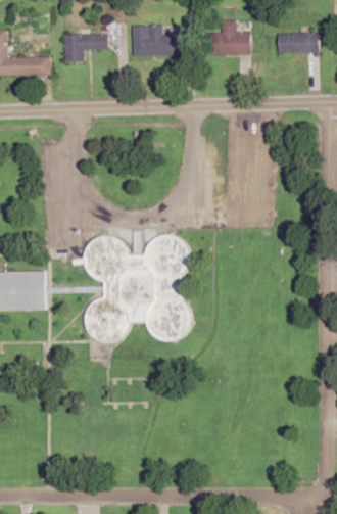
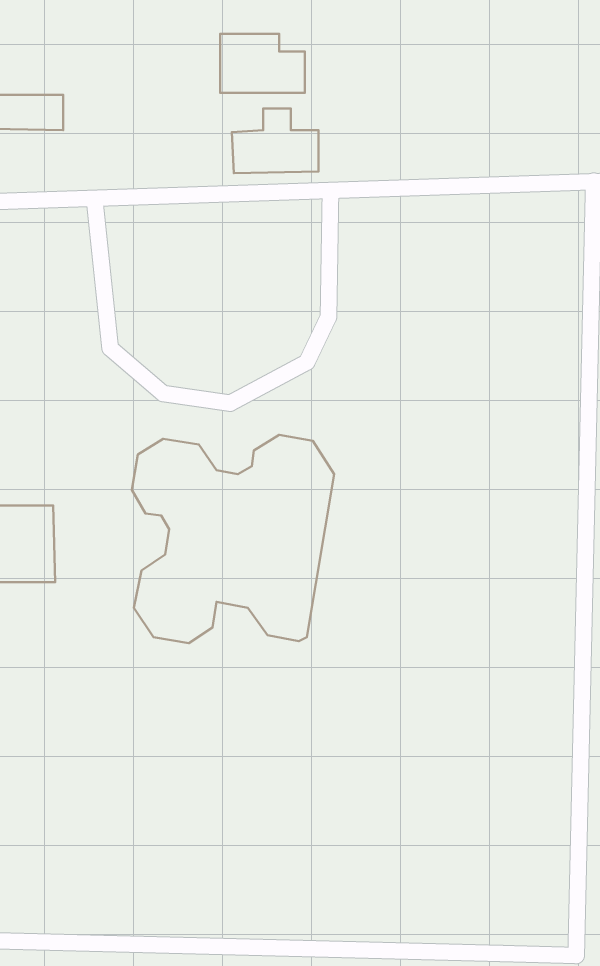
building: [205,21,250,55] -> [232,108,318,173]
building: [64,34,107,62] -> none
building: [278,34,319,53] -> none

